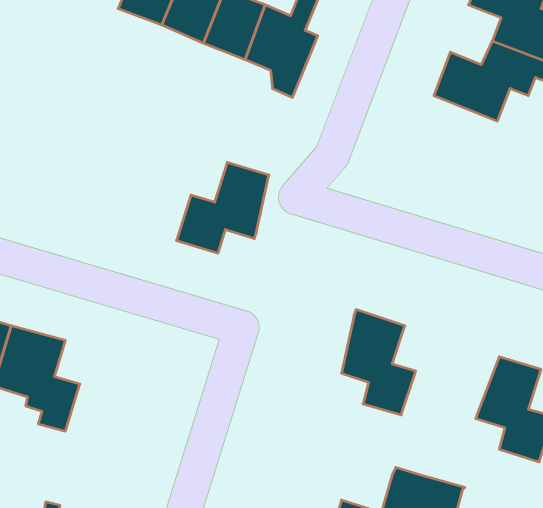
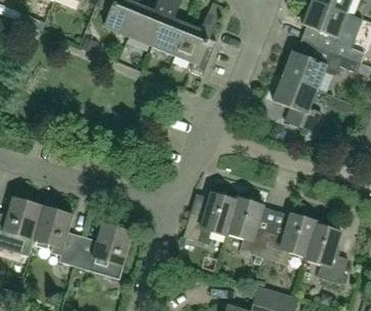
building: none -> [272,76,321,132]
building: [176,162,269,253] -> [184,193,237,244]
building: none -> [263,213,319,265]
building: none -> [74,223,133,279]

